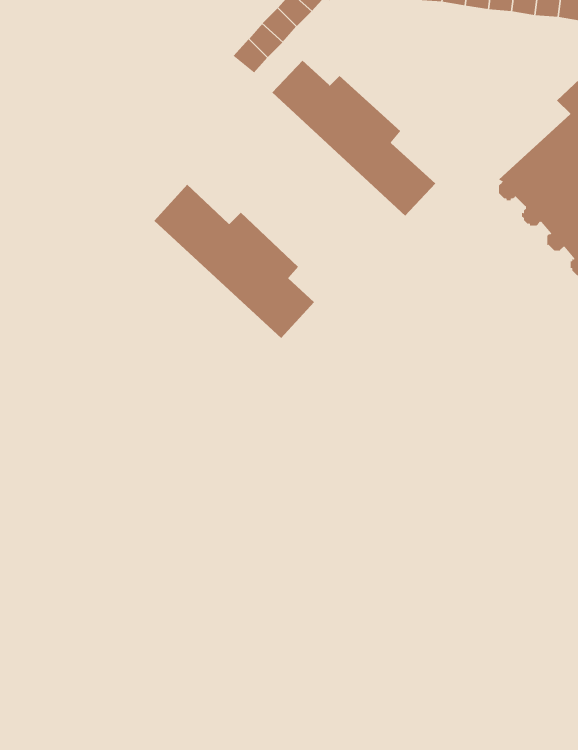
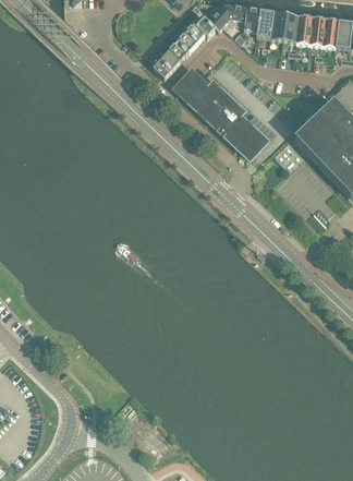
building: [153,184,315,339] -> none

